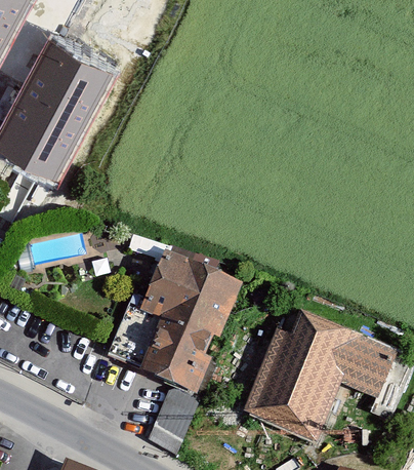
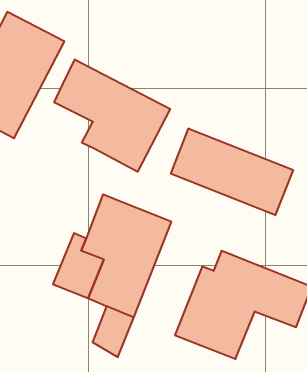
building: none -> [54,59,170,172]
building: none -> [171,128,293,215]

